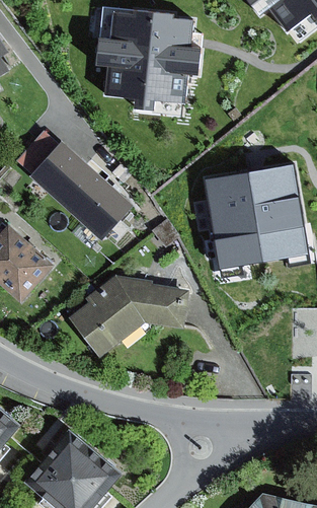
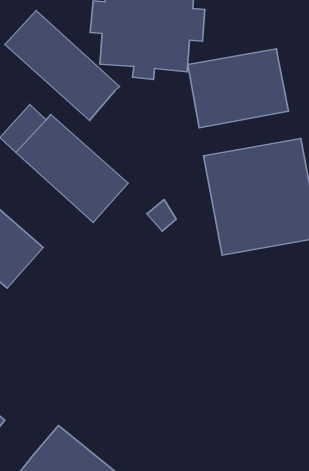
building: none -> [5,11,119,121]
building: none -> [188,49,289,128]
building: [68,276,188,357] -> none

